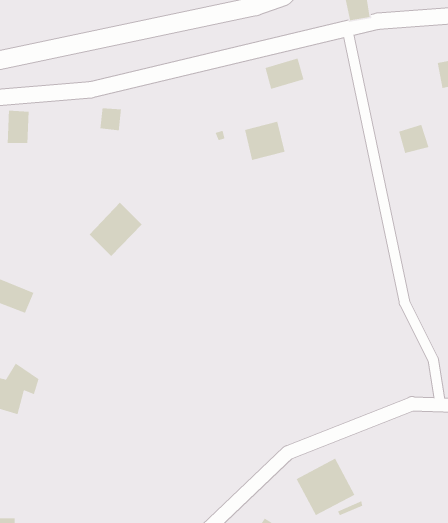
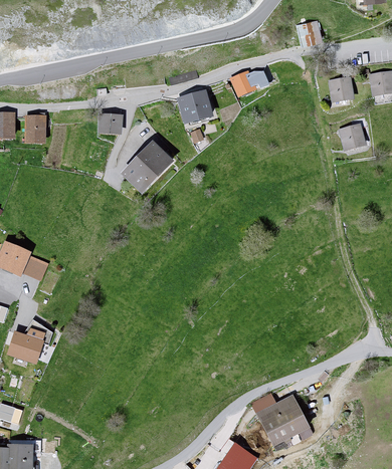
building: none -> [330,81,352,103]
building: [244,121,285,161] -> [179,95,212,128]
building: [89,202,142,257] -> [125,144,168,188]

